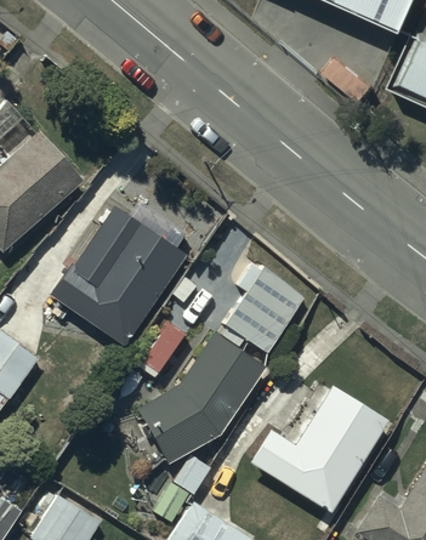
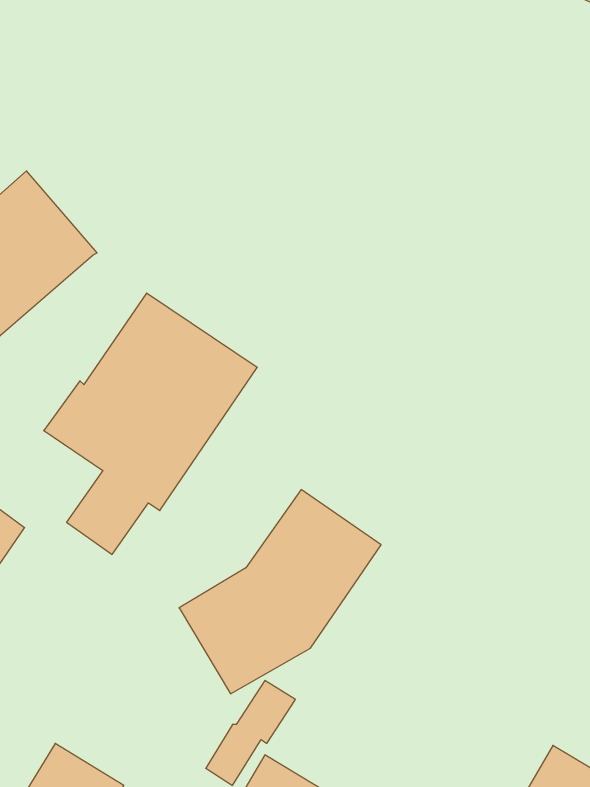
building: [223,262,305,353] -> none
building: [252,386,388,511] -> none

